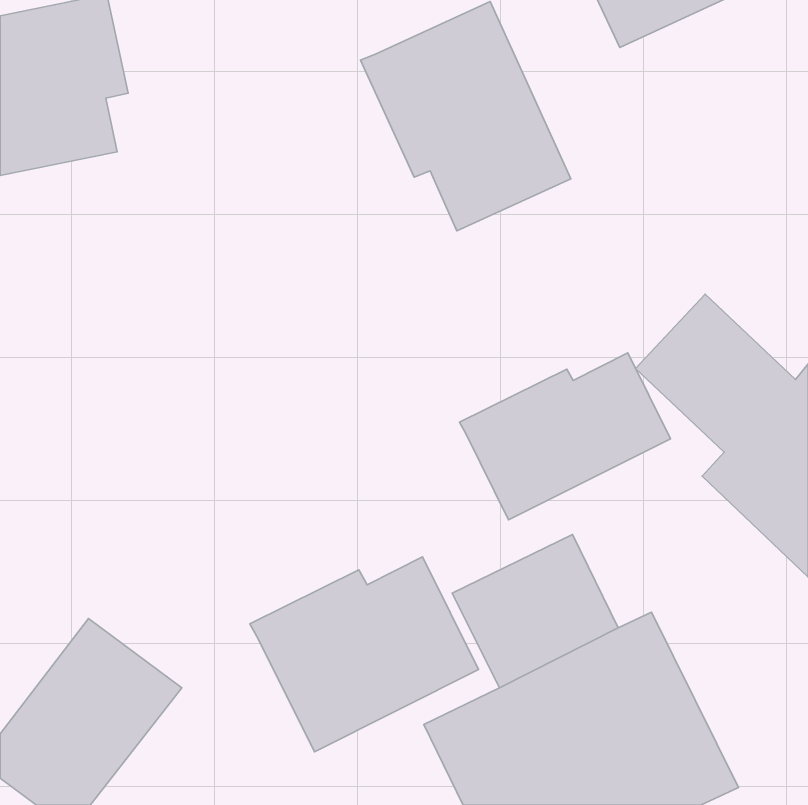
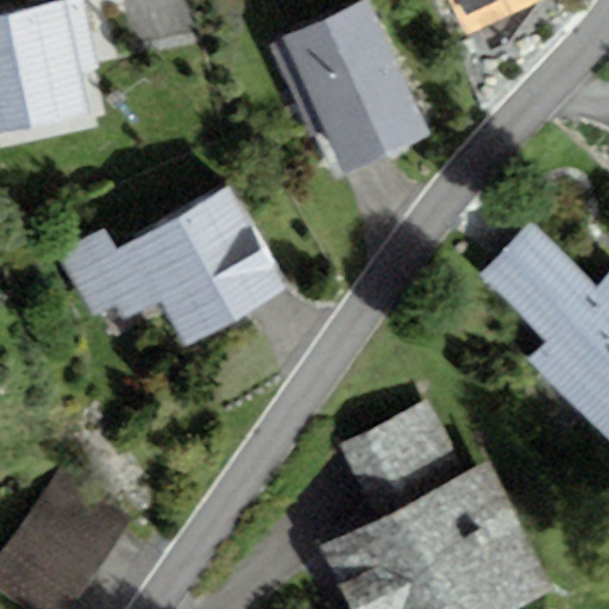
building: none -> [59,183,287,349]
building: [459,353,671,520] -> none
building: [250,557,479,752] -> none

